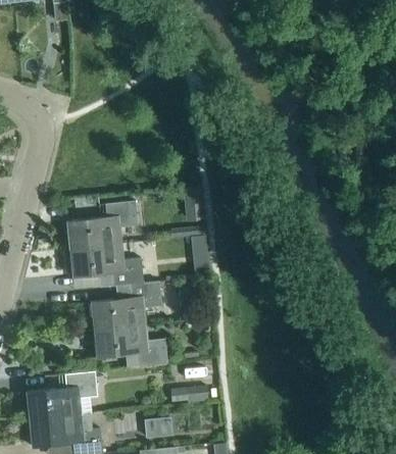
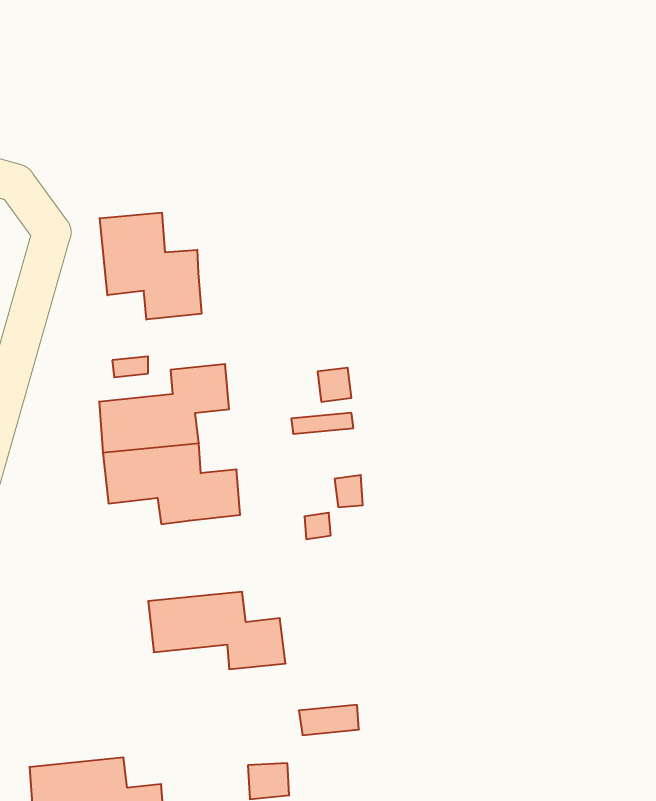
building: none -> [100,213,201,320]
building: [91,282,162,330] -> none
building: [27,371,98,419] -> none

